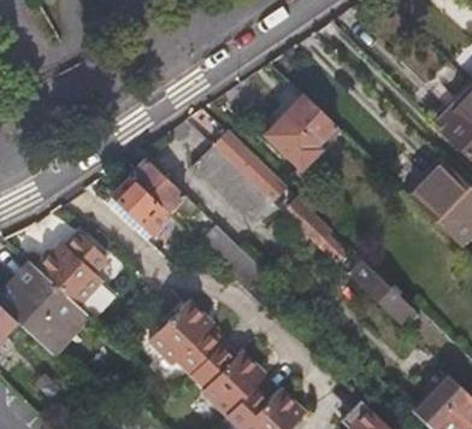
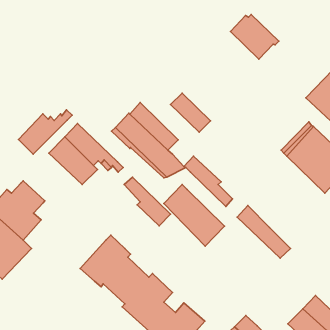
building: [279,98,341,154] -> [230,14,279,59]
building: none -> [19,110,72,154]
building: none -> [164,185,225,246]

